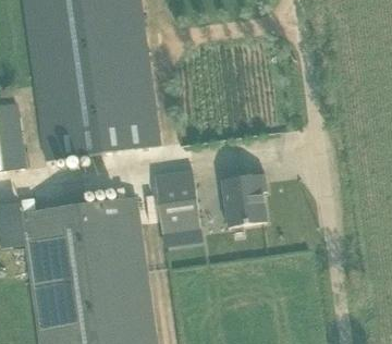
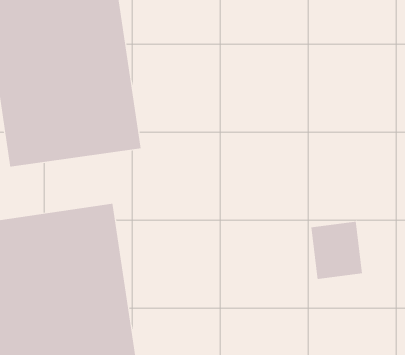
building: [167,172,210,236] -> none
building: [222,174,268,225] -> [311,221,363,280]

